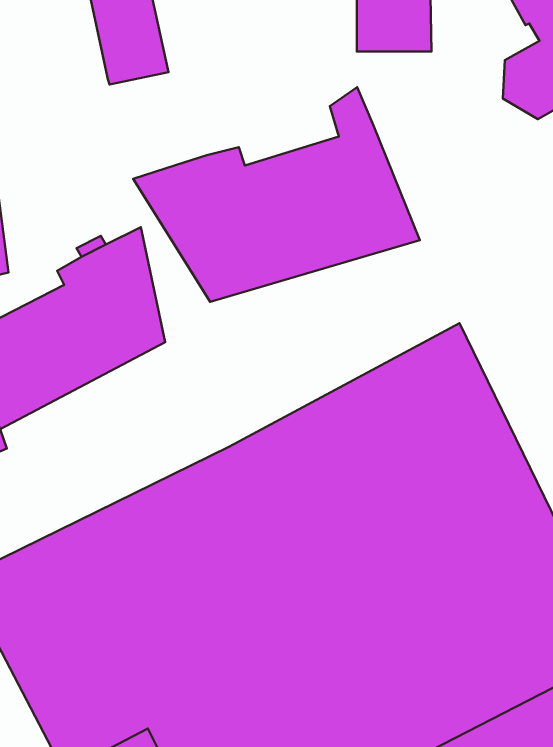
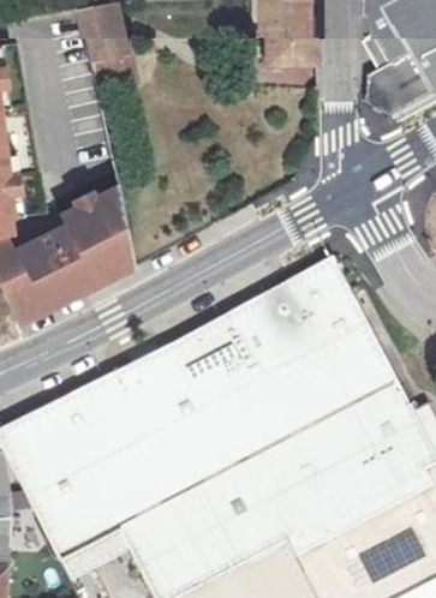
building: [133,87,420,302] -> none

